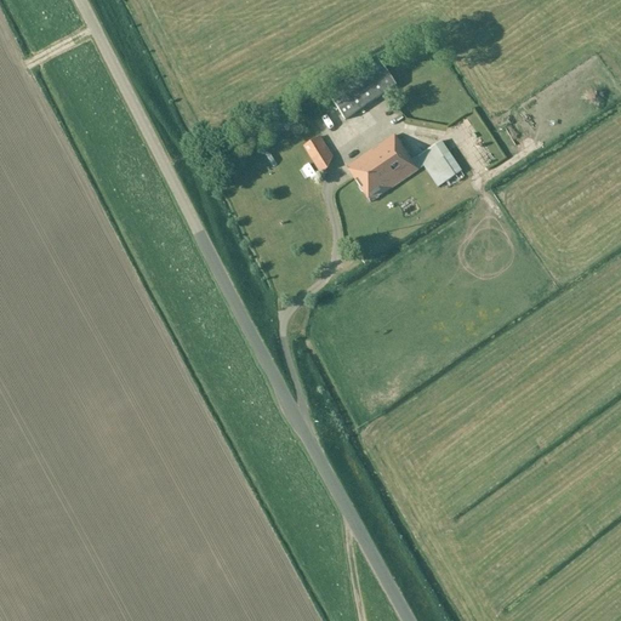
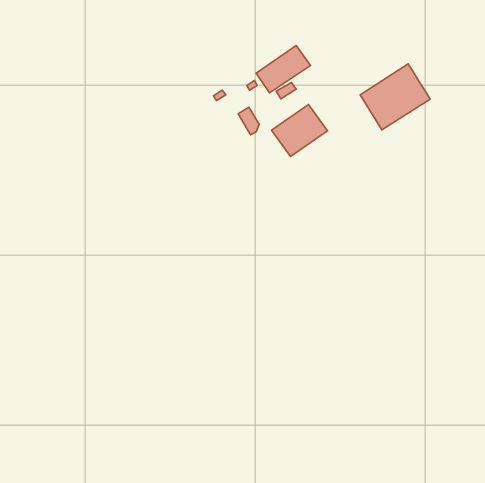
building: none -> [360,64,430,130]
building: [417,139,461,186] -> none

